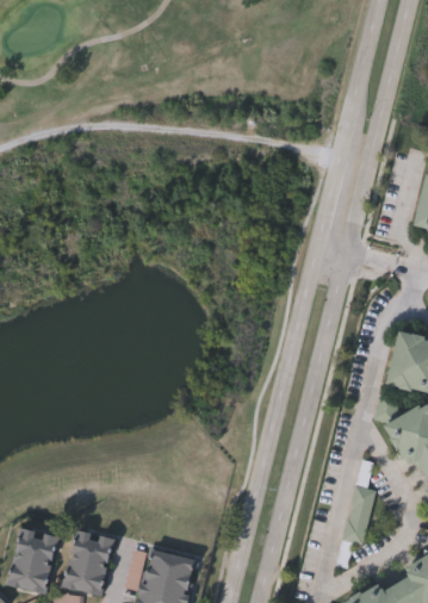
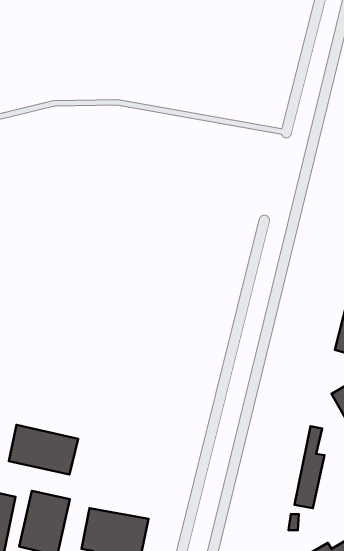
building: none -> [9,425,78,475]

